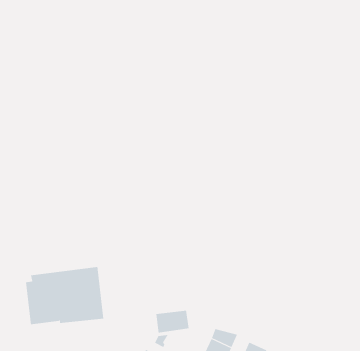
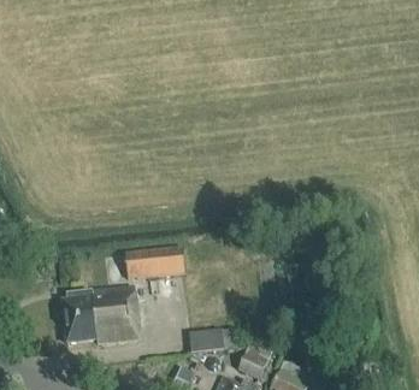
building: none -> [124,246,184,277]

